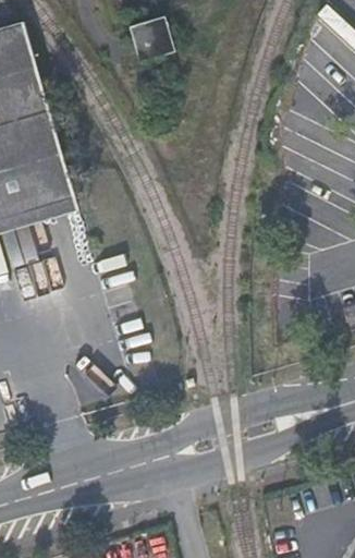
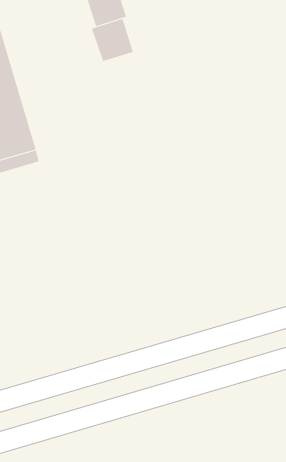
building: none -> [91,18,133,62]

